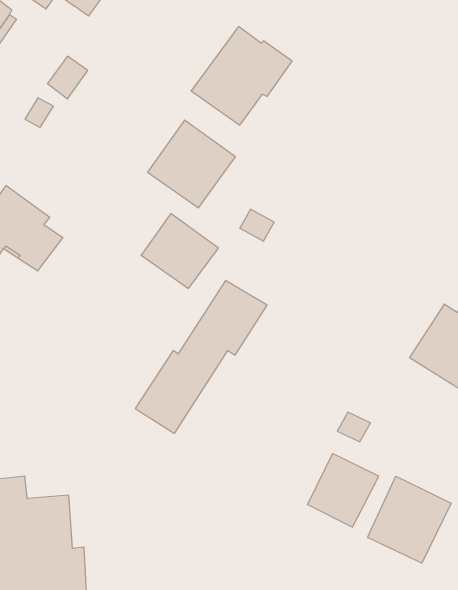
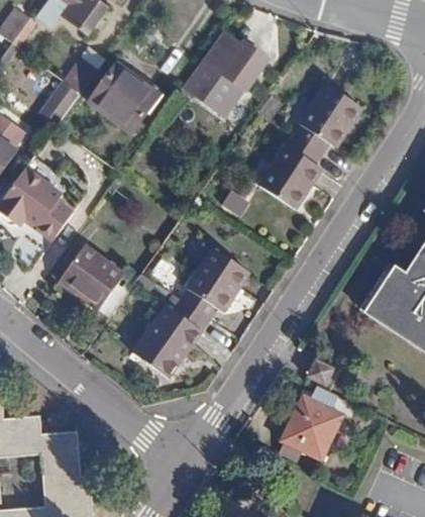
building: none -> [257,83,359,206]
building: [148,120,235,208] -> [85,60,160,134]
building: [141,214,218,288] -> [58,244,123,308]
building: [367,476,451,563] -> none

